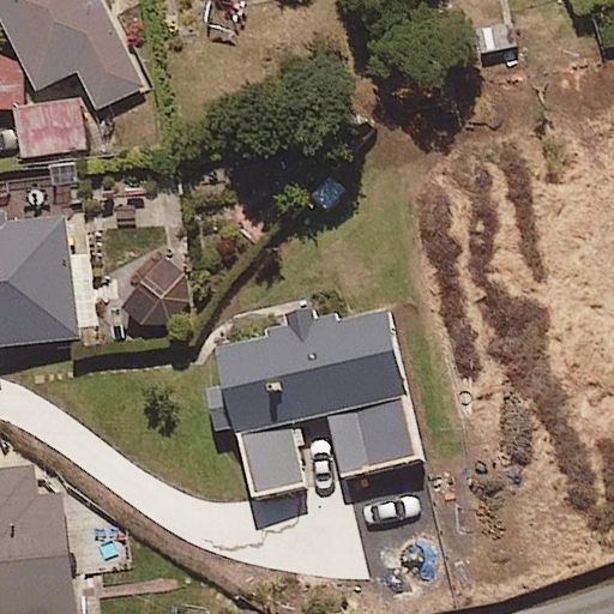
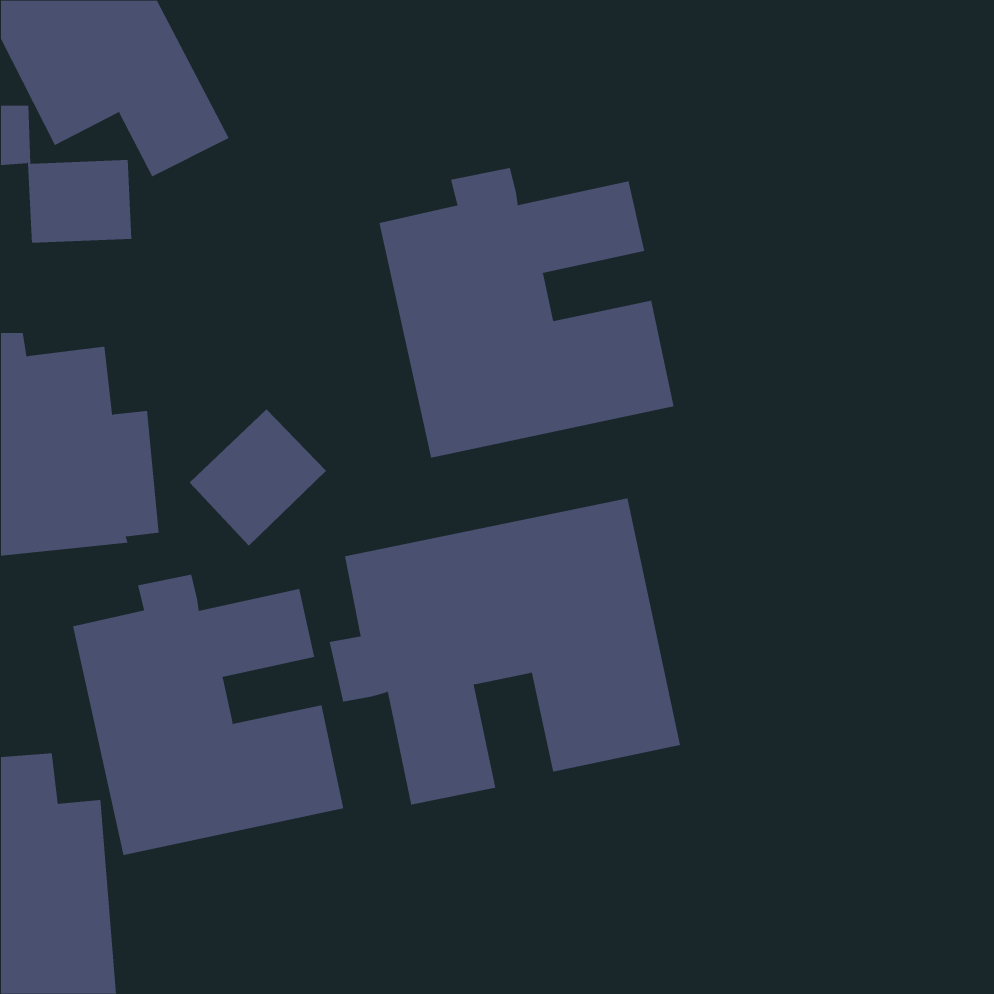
building: none -> [379,167,674,459]
building: none -> [73,574,344,856]

